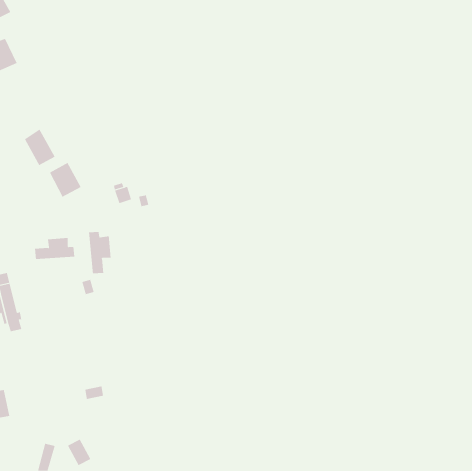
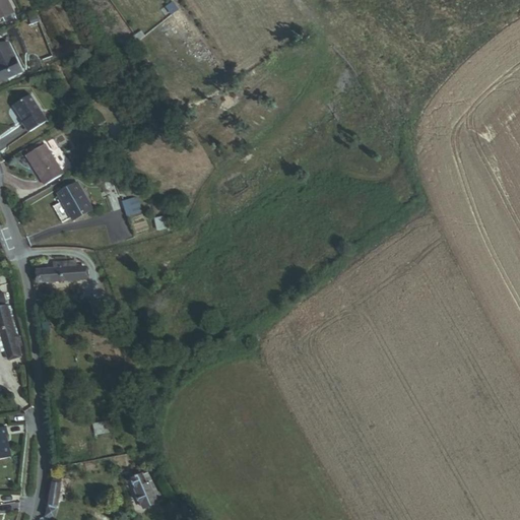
building: none -> [11,91,45,128]
building: [88,231,111,274] -> none
building: [67,439,91,466] -> [133,481,159,511]

